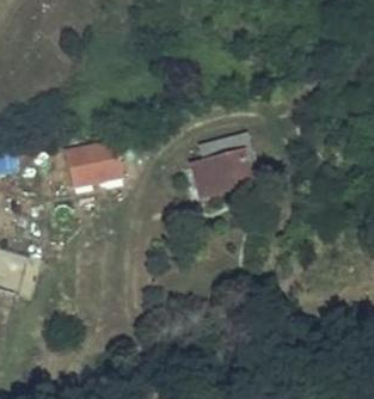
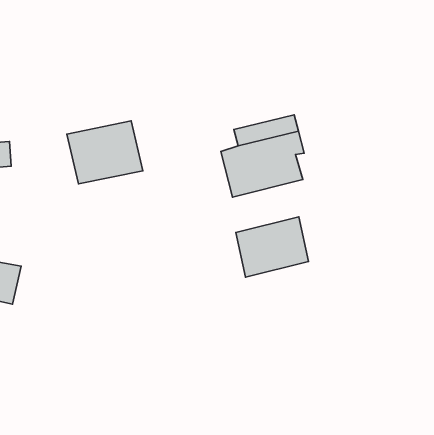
building: none -> [236,217,308,277]

